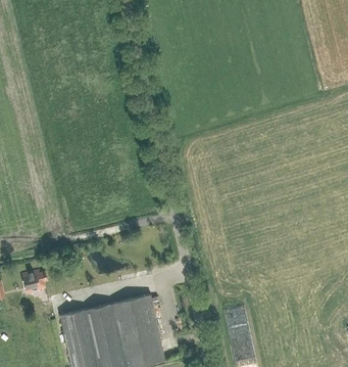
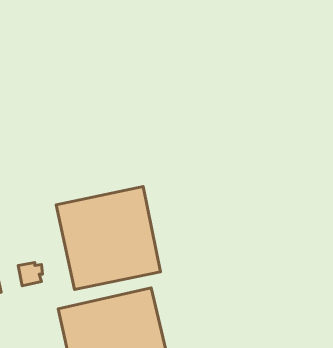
building: none -> [56,186,160,290]

